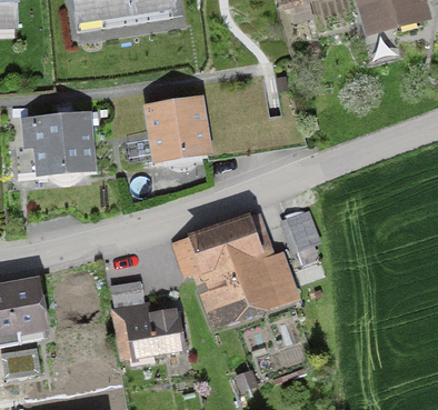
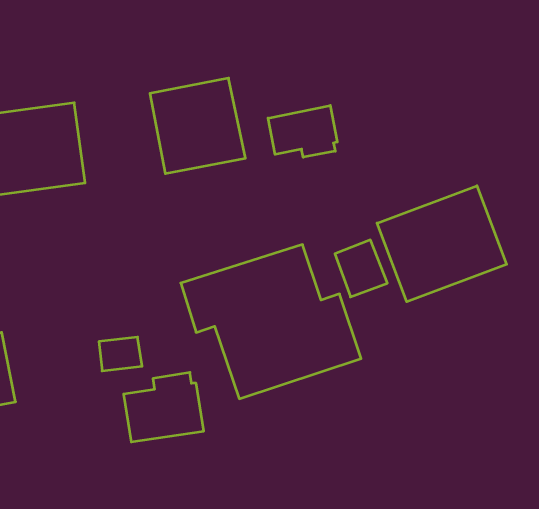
building: none -> [268,105,337,157]
building: none -> [377,186,507,302]

